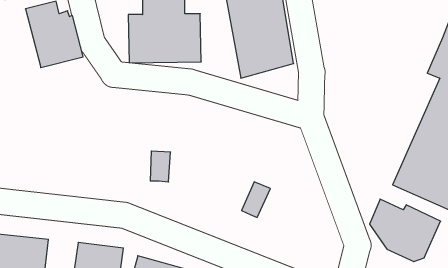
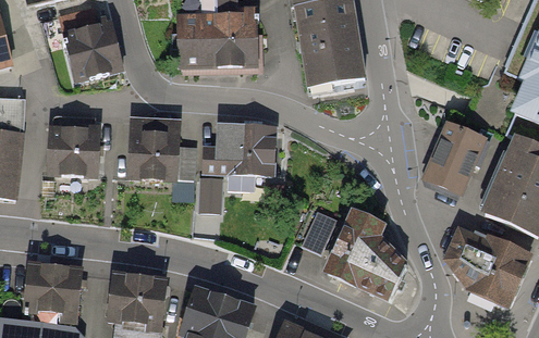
building: none -> [217,117,279,172]
building: none -> [123,122,179,181]
building: none -> [428,123,485,190]
building: none -> [50,124,100,174]
building: none -> [323,204,406,296]

